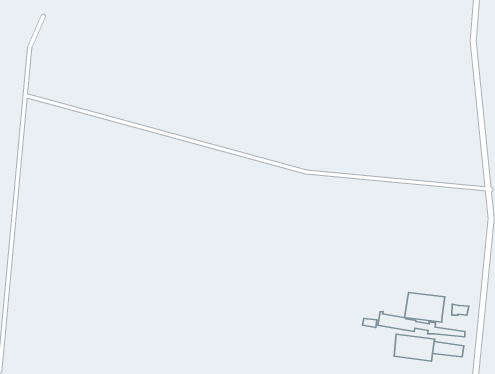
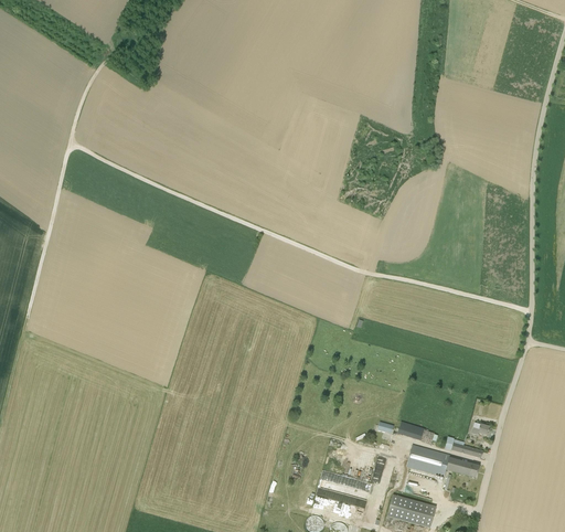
building: [405,293,445,322] -> none

